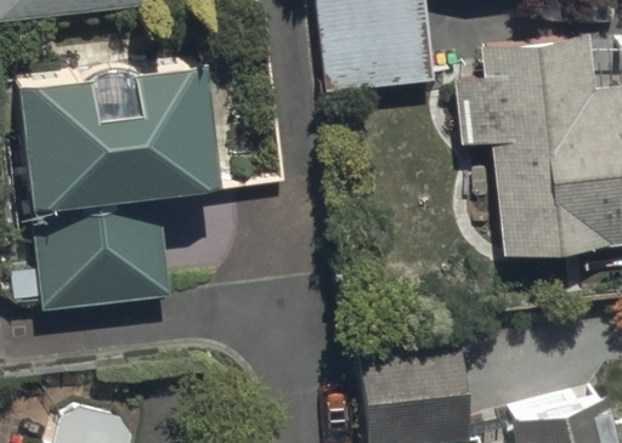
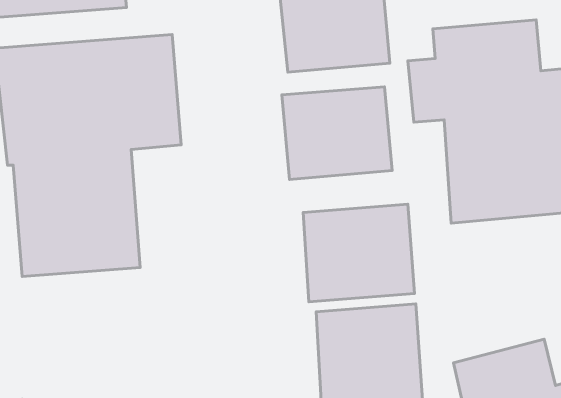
building: none -> [282,87,392,180]
building: none -> [303,204,415,302]

